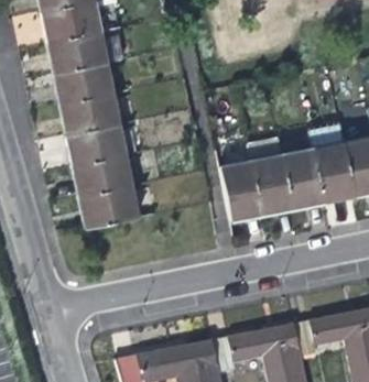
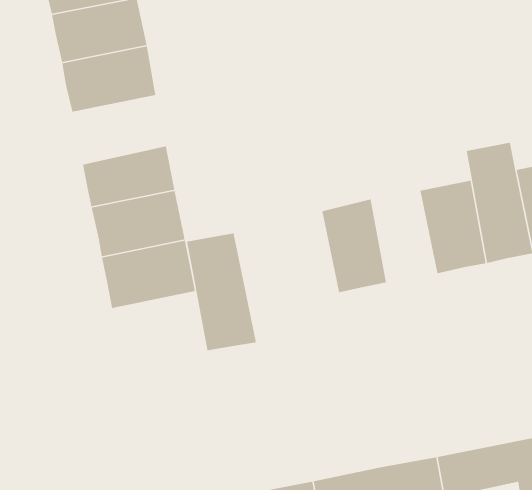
building: [59,94,120,138] -> none
building: [248,138,293,214] -> [186,233,257,351]

